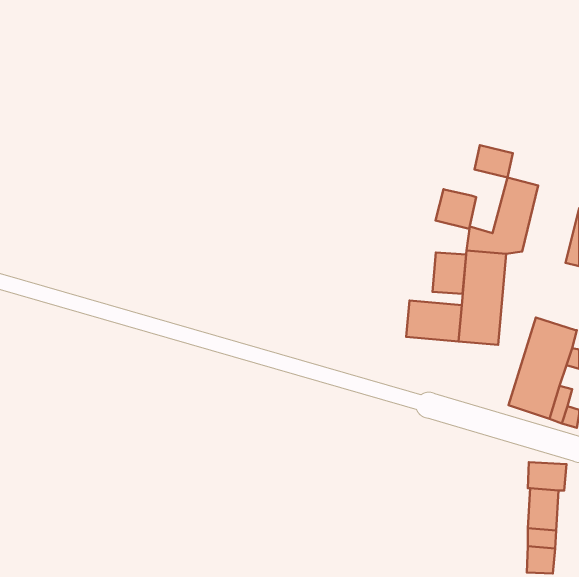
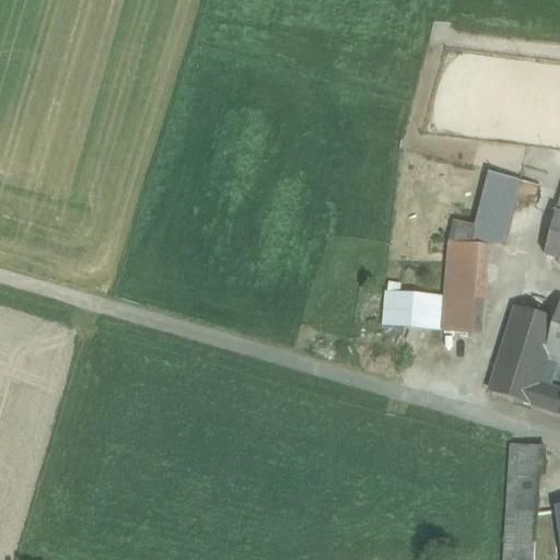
building: [474,145,513,178] -> none
building: [435,189,476,229] -> none
building: [433,253,466,294] -> none

